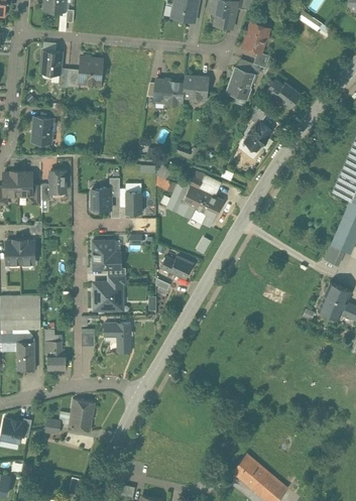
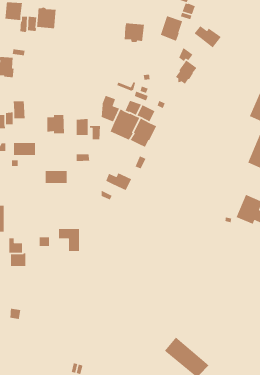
building: [154,80,185,106] -> none
building: [89,238,116,254] -> [13,142,36,156]
building: [93,281,123,309] -> none
building: [69,399,96,431] -> none

